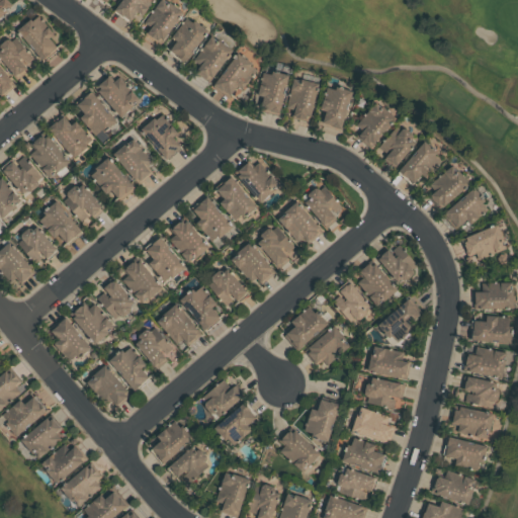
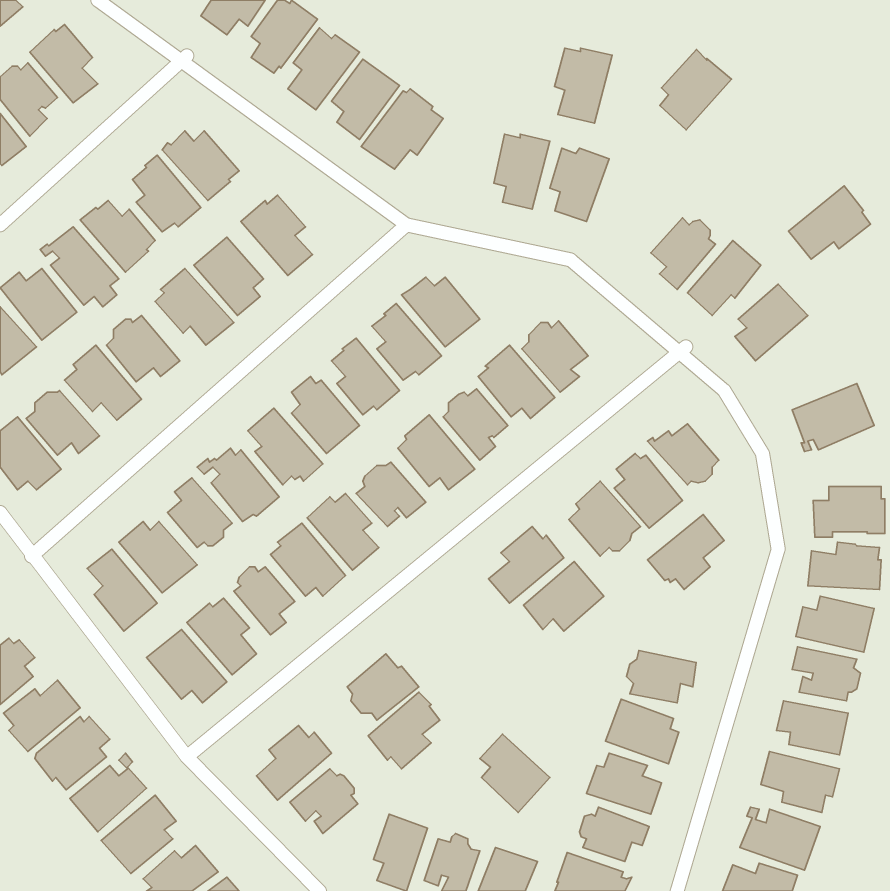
building: [257,71,290,114] -> [554,48,612,123]
building: [355,101,397,148] -> [660,50,731,130]
building: [441,187,489,230] -> [788,186,870,259]
building: [368,346,410,379] -> none
building: [305,398,339,441] -> none

